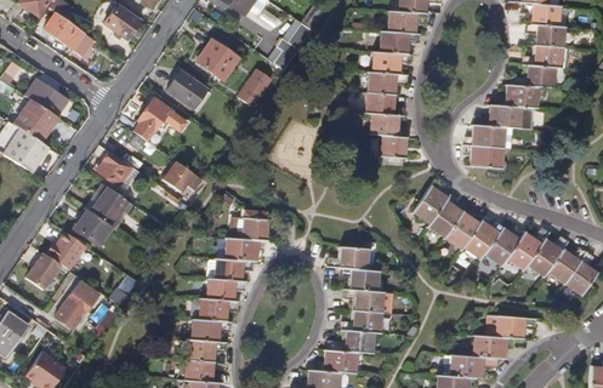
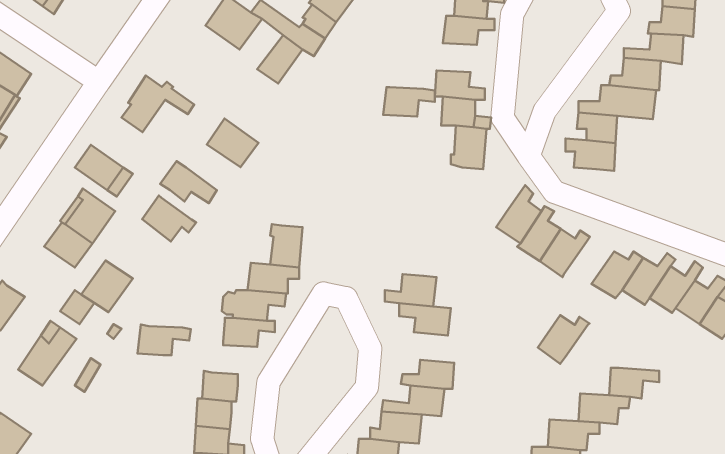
building: [166,69,205,105] -> [207,119,258,167]
building: [369,74,408,96] -> [383,87,435,116]
building: none -> [142,195,196,242]
building: [465,223,504,259] -> [538,315,589,364]
building: [46,230,85,269] -> [81,261,133,312]
building: [345,291,389,314] -> none
building: [200,299,240,323] -> [137,324,191,355]

